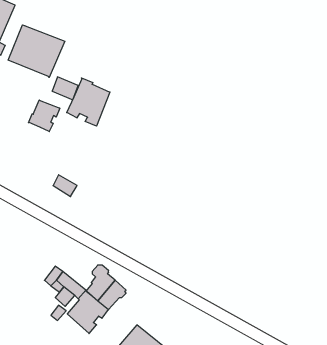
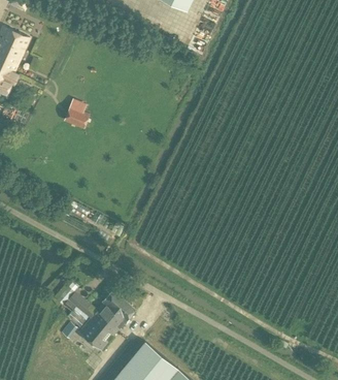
building: [8,25,65,77] -> none
building: [67,78,110,126] -> none
building: [28,100,60,132] -> none

